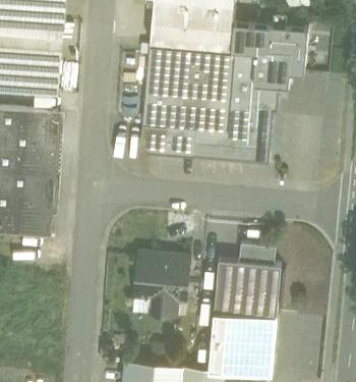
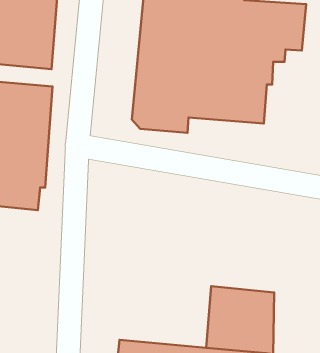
building: [214,242,281,318] -> none
building: [130,248,191,317] -> none

